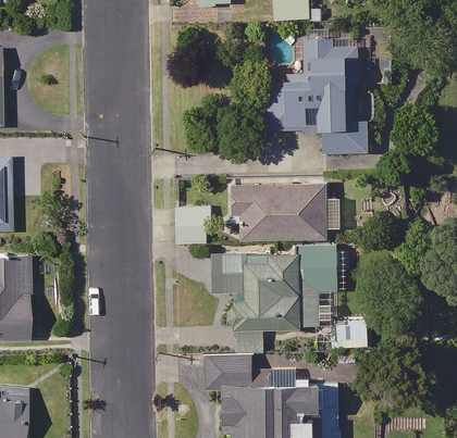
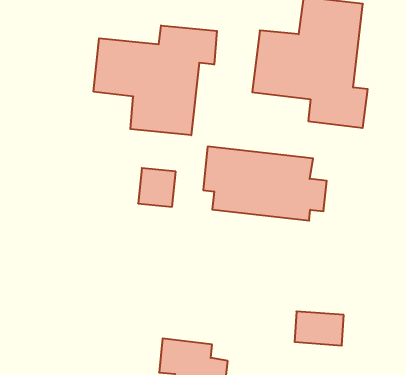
building: none -> [94,25,217,135]
building: [211,248,336,331] -> none

